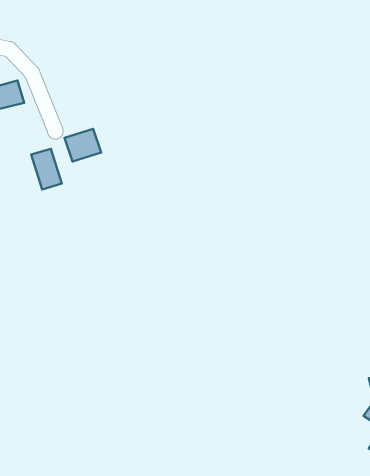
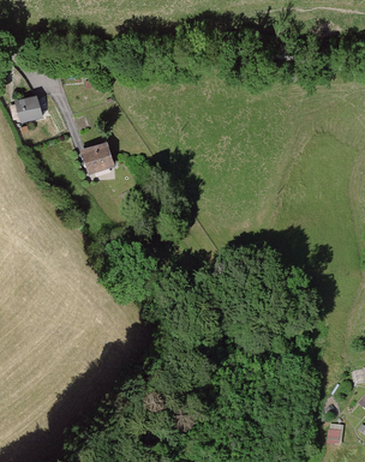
building: [31,149,62,189] -> none

